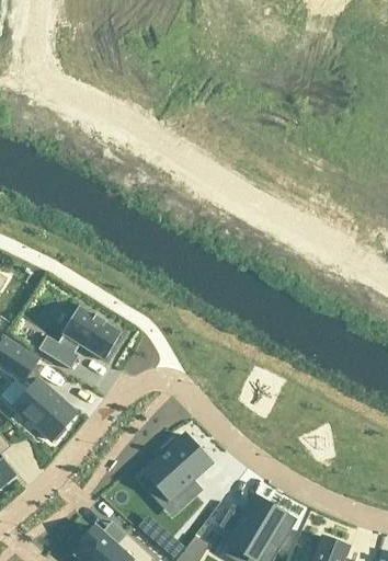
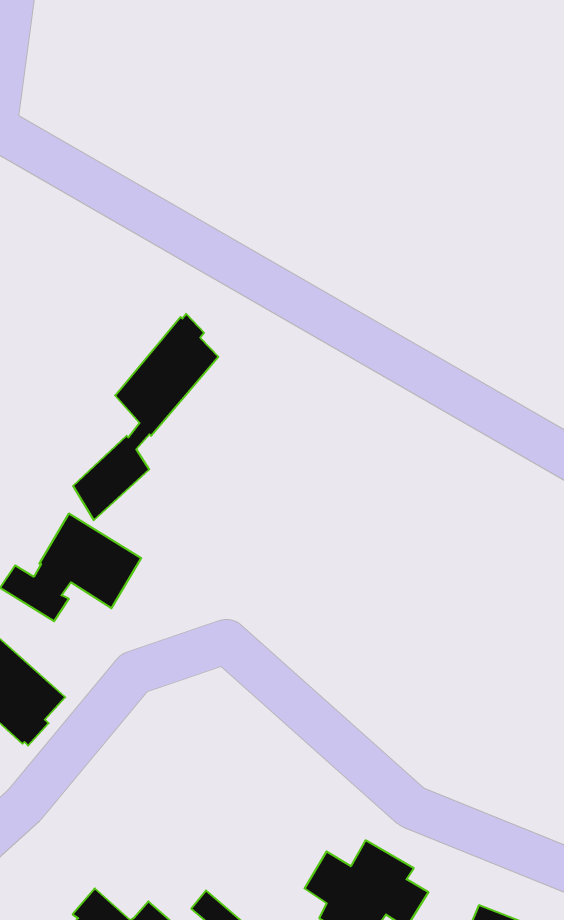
building: none -> [73,314,218,520]
building: [145,435,210,499] -> none

